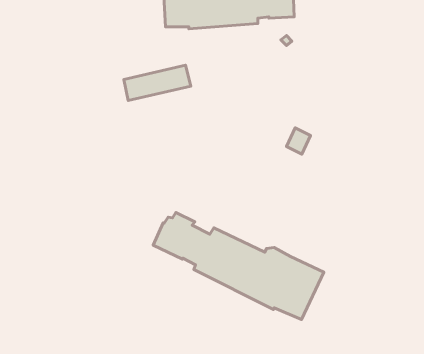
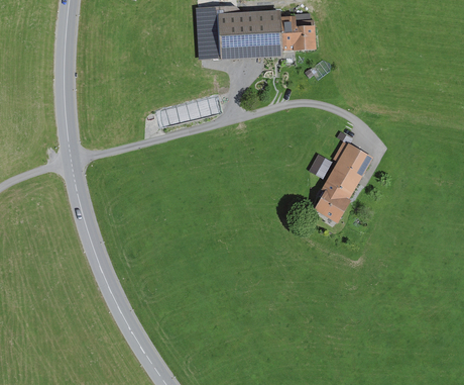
building: none -> [314,137,373,219]
building: [153,213,324,319] -> none

